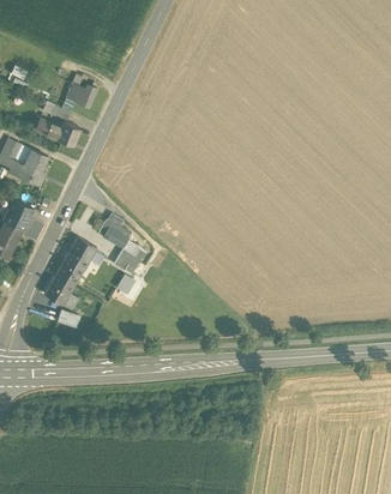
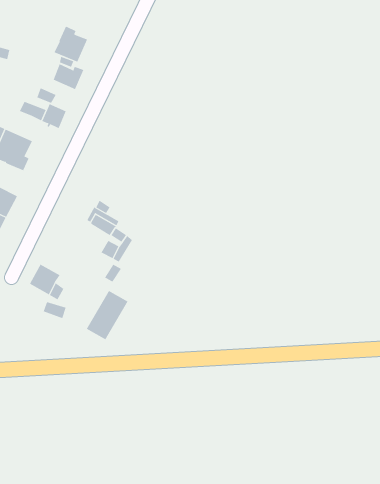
building: none -> [53,25,88,63]
building: [55,237,96,285] -> [86,290,128,340]

